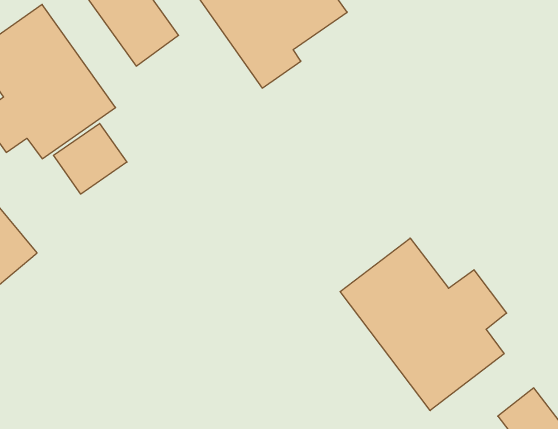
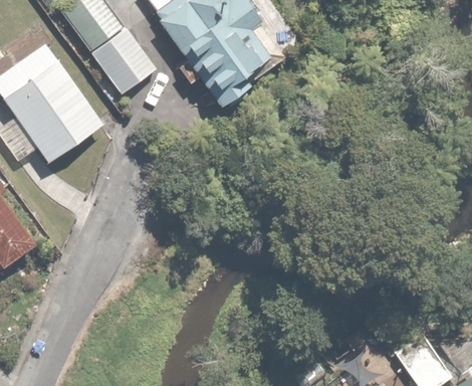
building: [53,123,127,194] -> none
building: [340,238,507,411] -> none

